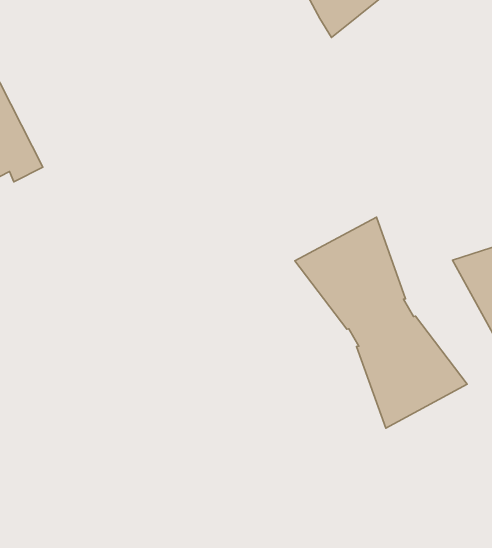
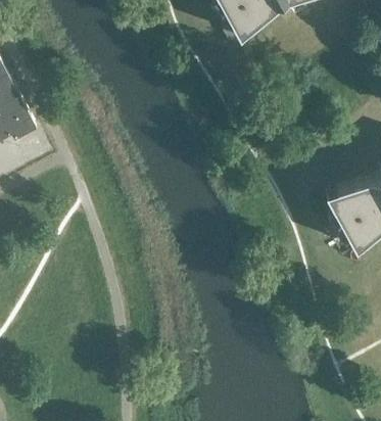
building: [295,217,467,428] -> none

